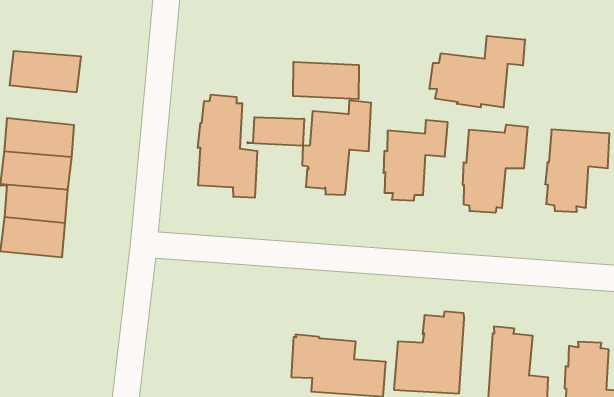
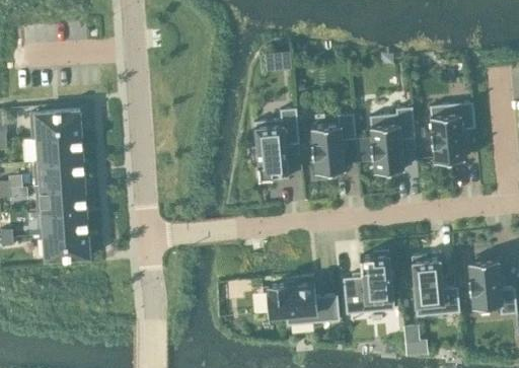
building: [429,36,525,108] -> none
building: [293,62,359,99] -> none
building: none -> [31,136,83,163]
building: [198,95,257,198] -> none
building: [248,117,304,146] -> none

